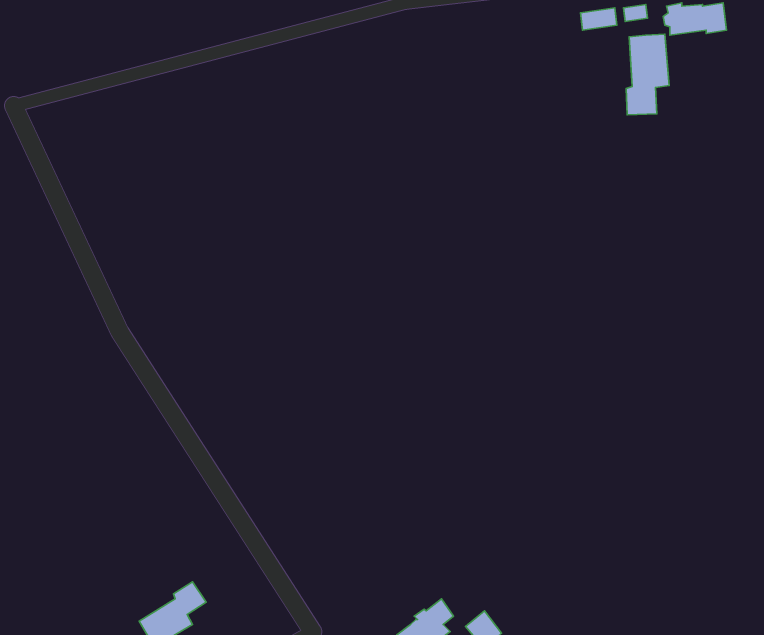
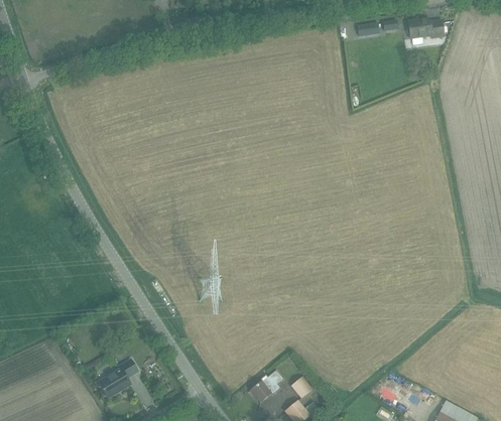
building: [626,34,669,115] -> none

